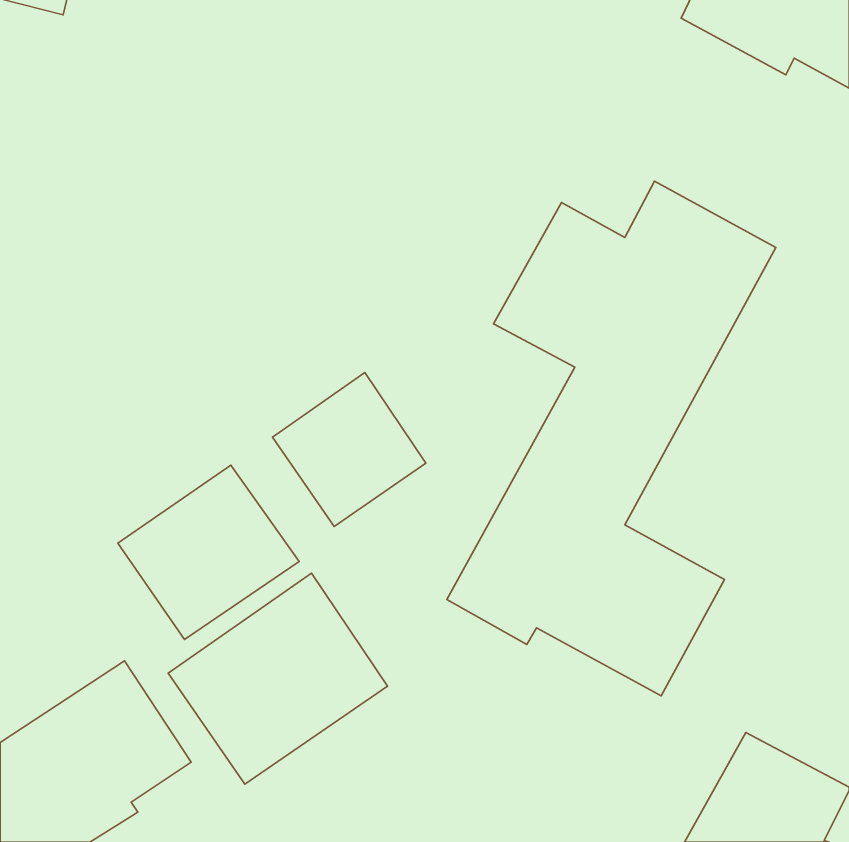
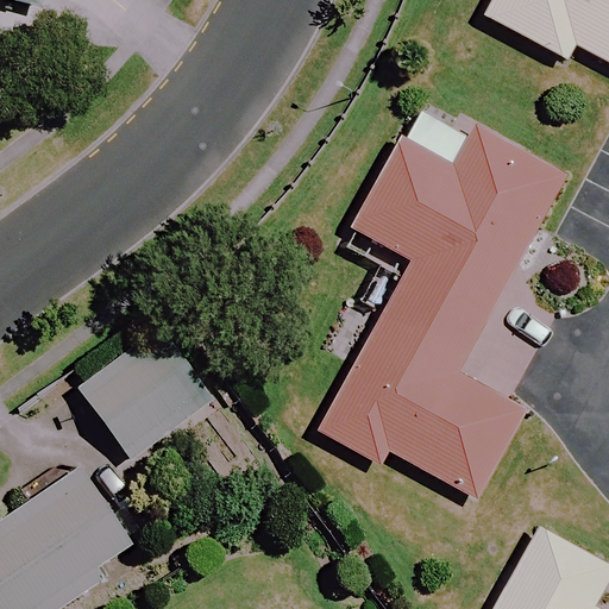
building: [272,372,426,526] -> none
building: [168,573,388,784] -> none

